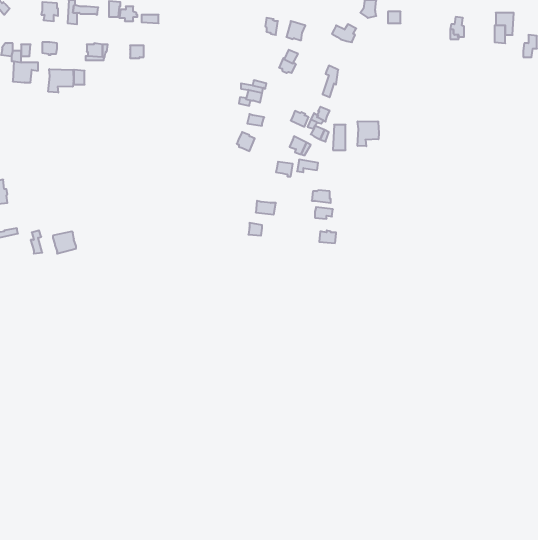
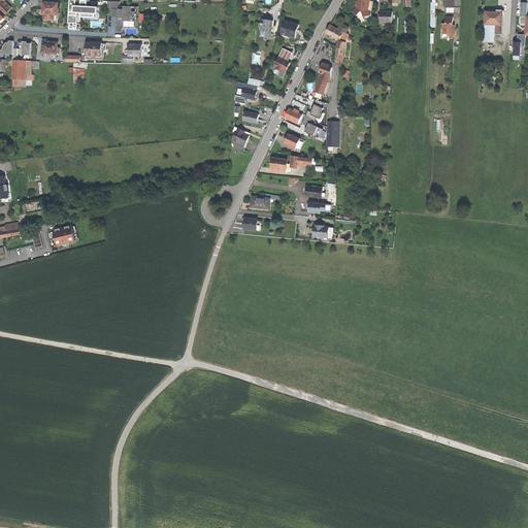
building: [48,69,73,93] -> none
building: [358,121,379,146] -> none

